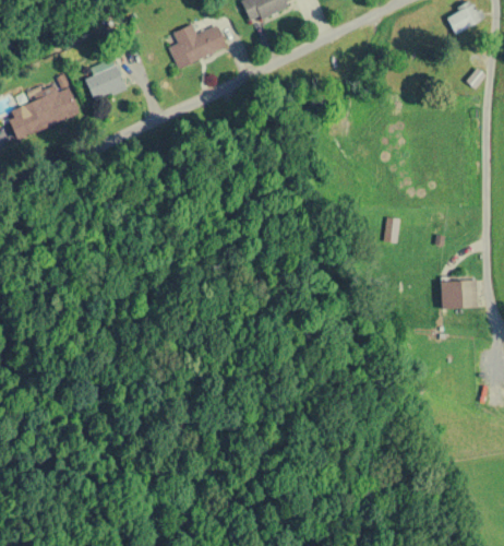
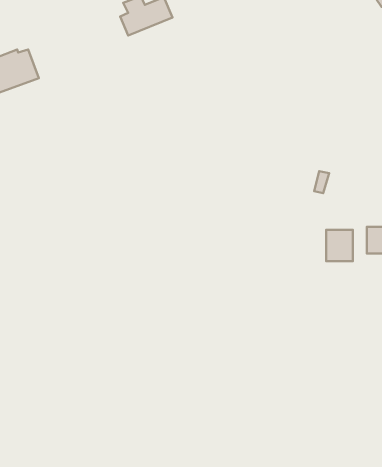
building: [85,58,125,100] -> none
building: none -> [326,230,353,261]

